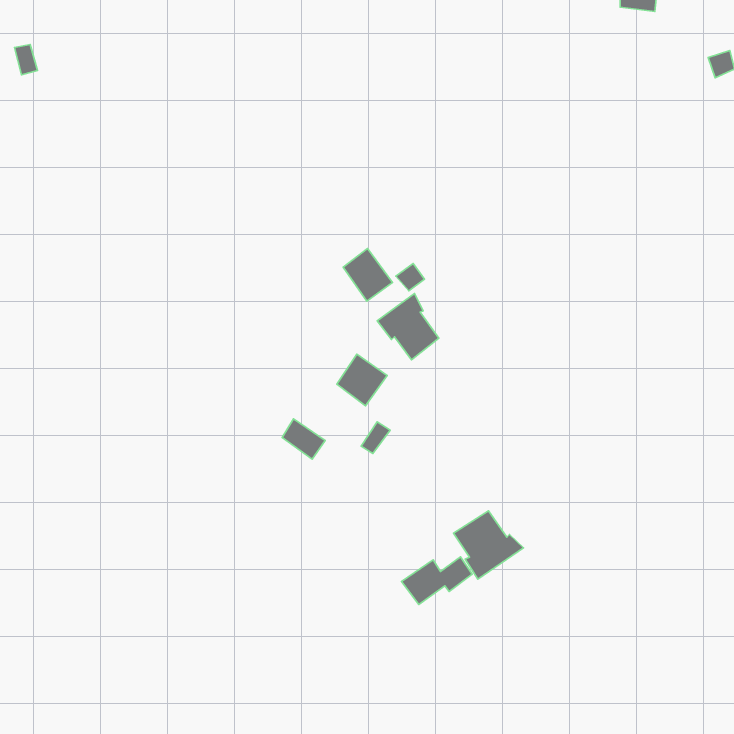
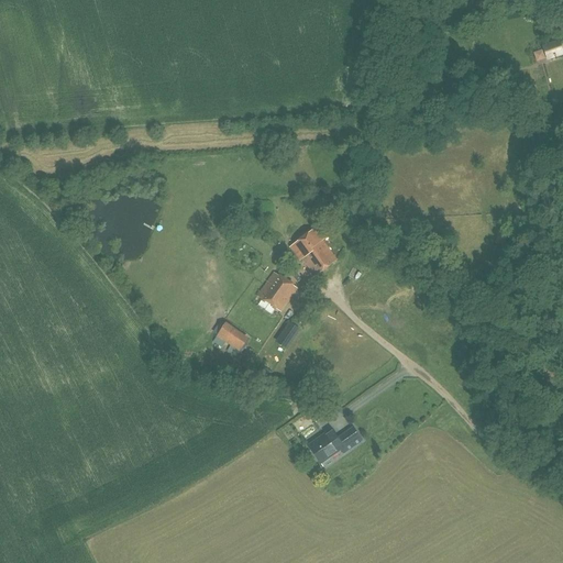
building: [343,248,392,301] -> none
building: [454,511,523,579] -> none

